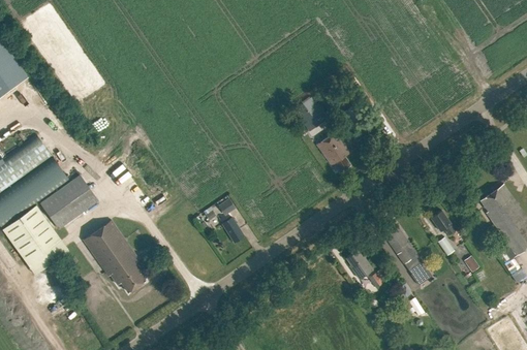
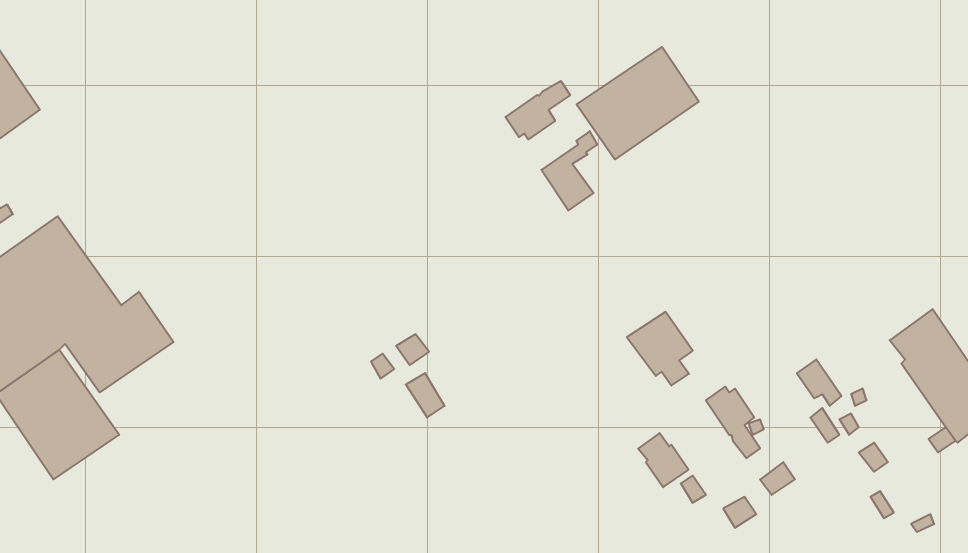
building: none -> [577,47,699,159]
building: none -> [505,81,570,139]
building: [316,132,351,171] -> [627,312,693,386]
building: [83,221,146,293] -> none

